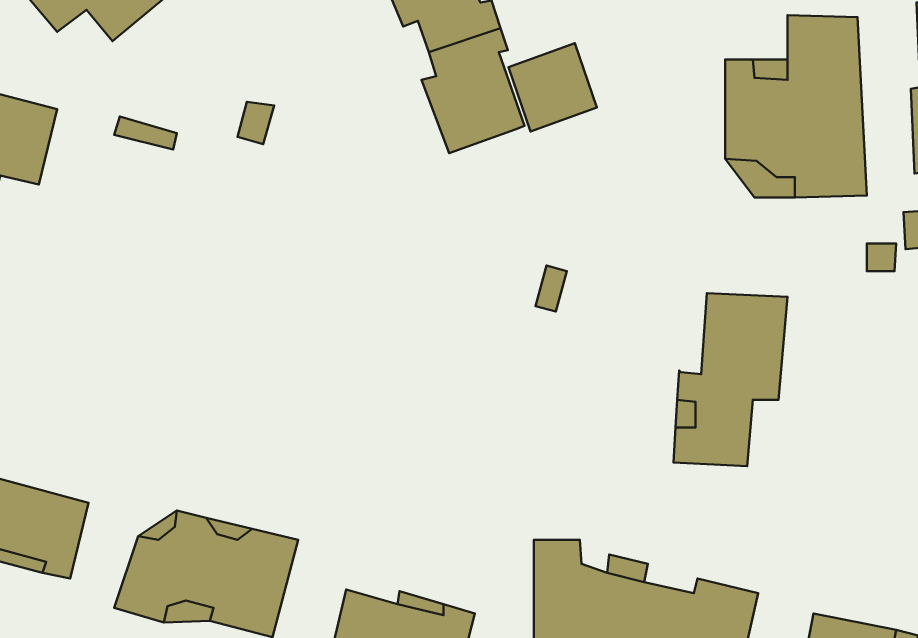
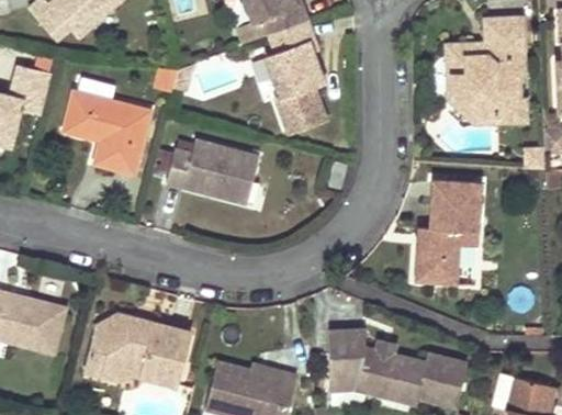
building: [509,43,597,132] -> [281,83,334,136]
building: none -> [60,91,148,175]
building: none -> [164,139,256,204]

